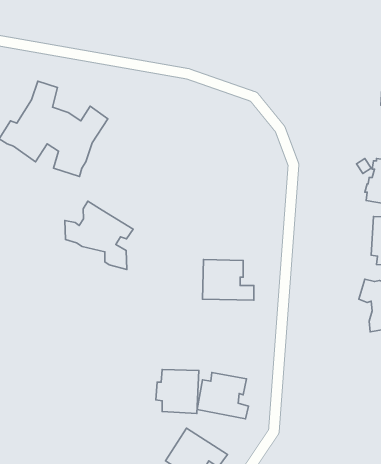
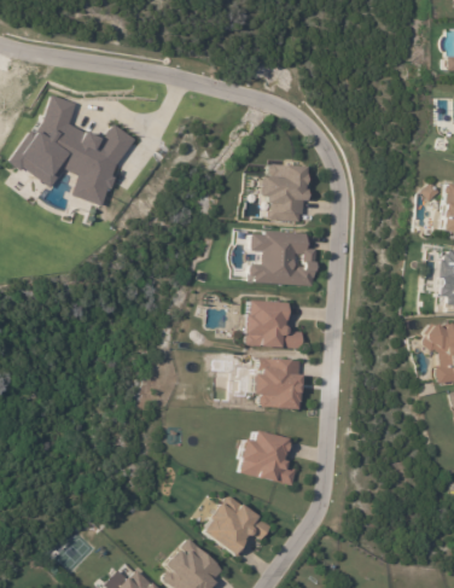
building: none -> [262,164,308,221]
building: none -> [252,231,318,285]
building: [65,201,133,270] -> none
building: [156,370,199,414] -> [254,359,303,409]

